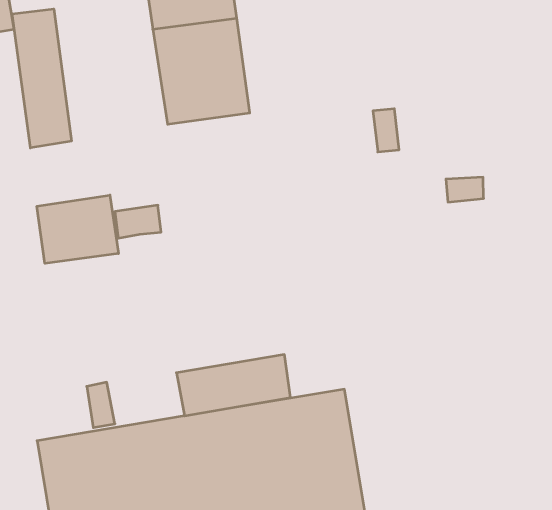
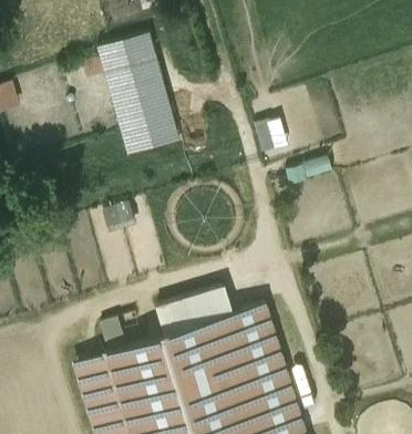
building: [12,9,71,148] -> none
building: [37,195,118,263] -> none

